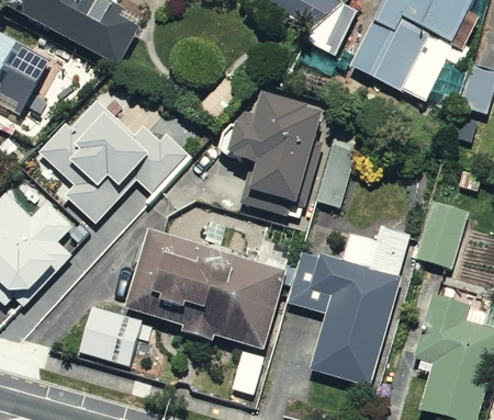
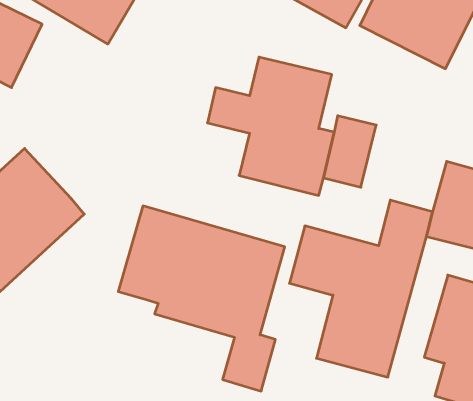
building: [25,92,192,222] -> none
building: [72,298,146,373] -> none

